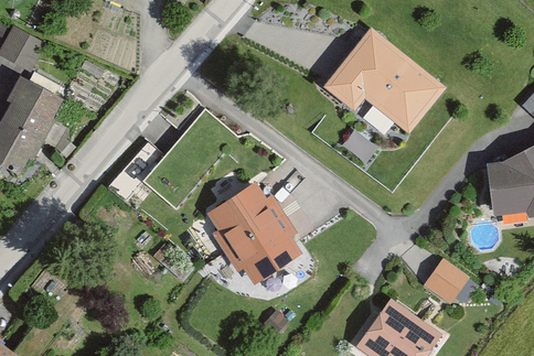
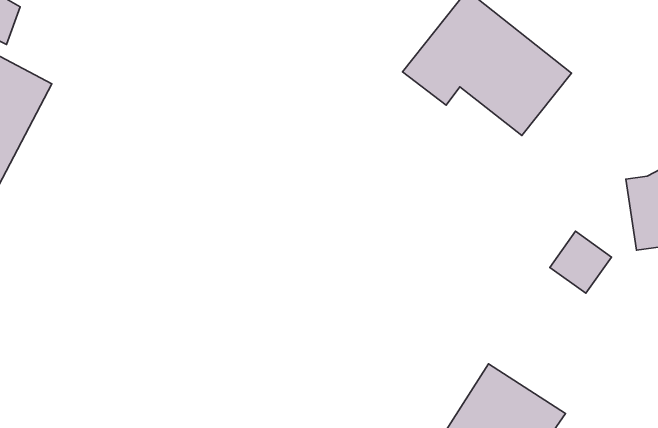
building: [209,181,303,283] -> none
building: [425,257,470,302] -> [550,231,612,293]

